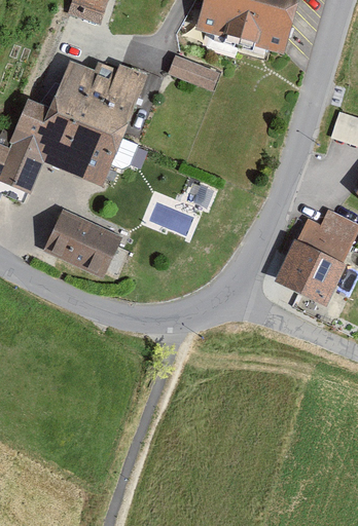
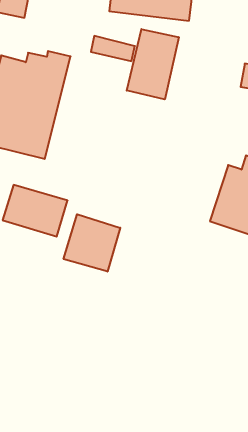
building: none -> [127,29,179,99]
building: none -> [64,214,120,272]

